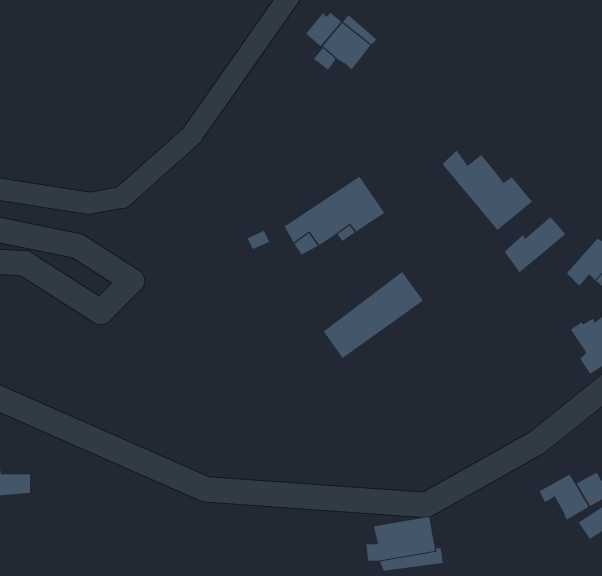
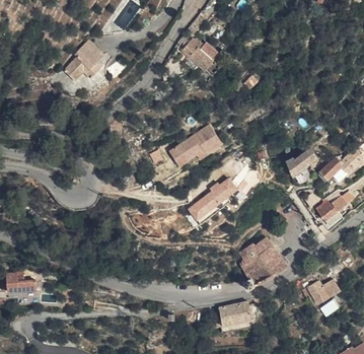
building: none -> [61,38,104,79]
building: [442,150,533,231] -> none
building: none -> [236,238,283,288]

